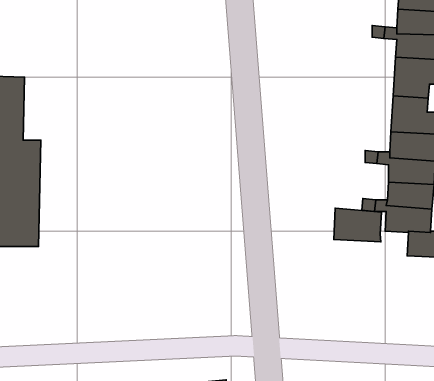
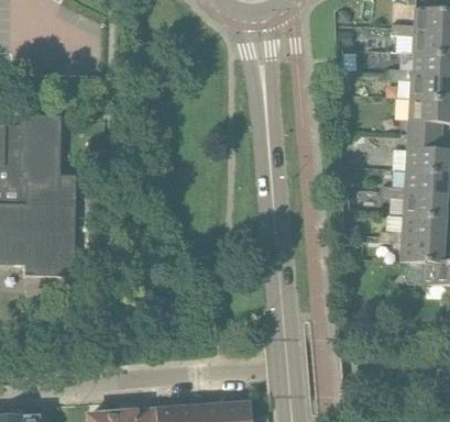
building: [334,208,382,242] -> none

